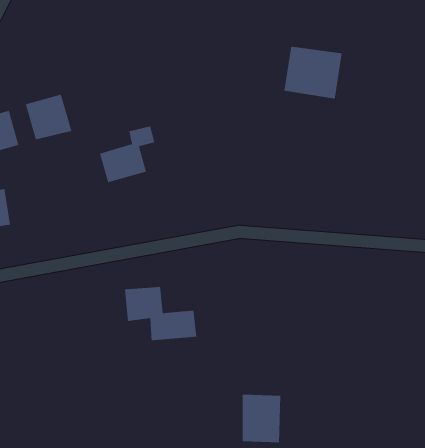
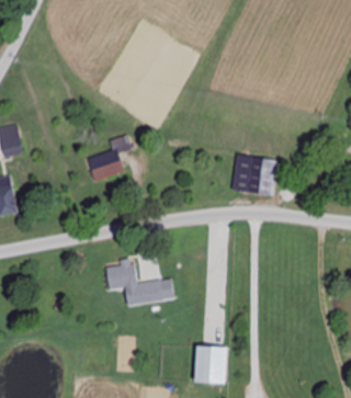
building: [284,46,342,99] -> [230,155,276,196]
building: [25,94,72,140] -> none

